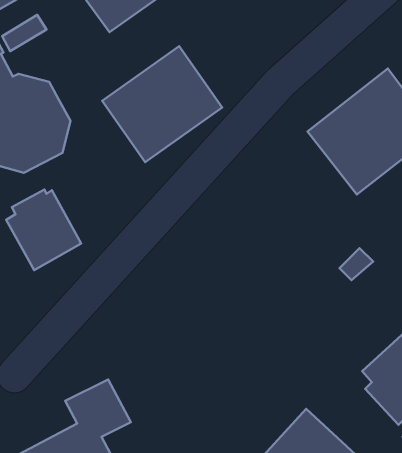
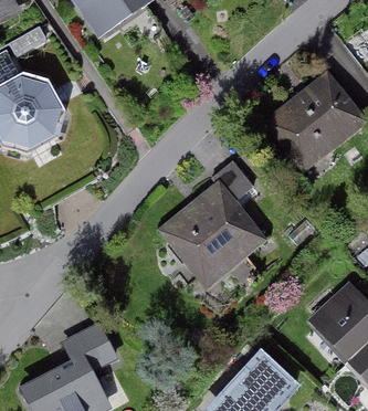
building: [102,46,222,162] -> none
building: none -> [157,159,269,288]
building: [6,189,81,270] -> none

